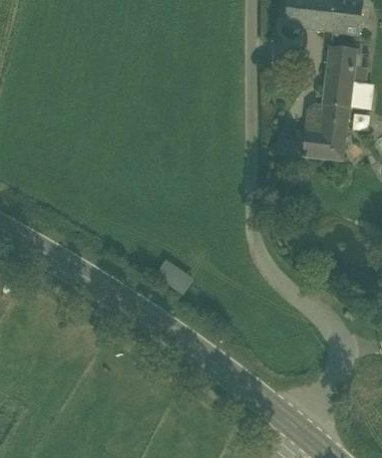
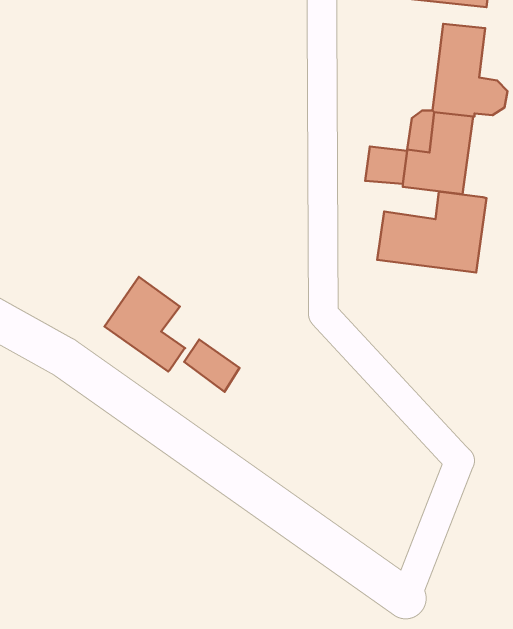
building: none -> [377,191,486,272]
building: none -> [104,277,185,372]

